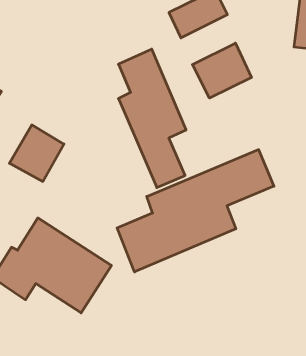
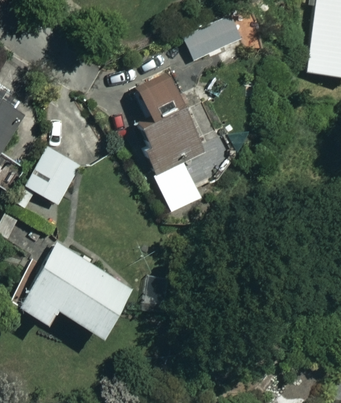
building: [192,43,251,98] -> none
building: [117,150,274,272] -> none

